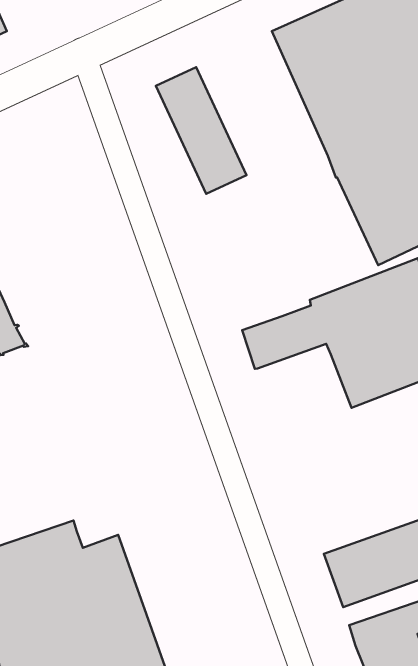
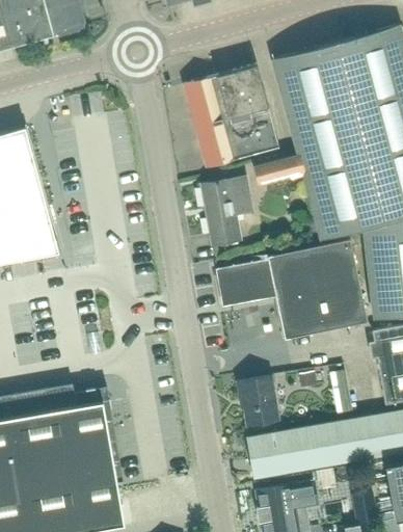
building: none -> [215,64,280,159]
building: none -> [254,155,301,183]
building: none -> [200,176,252,245]
building: none -> [238,377,277,426]

